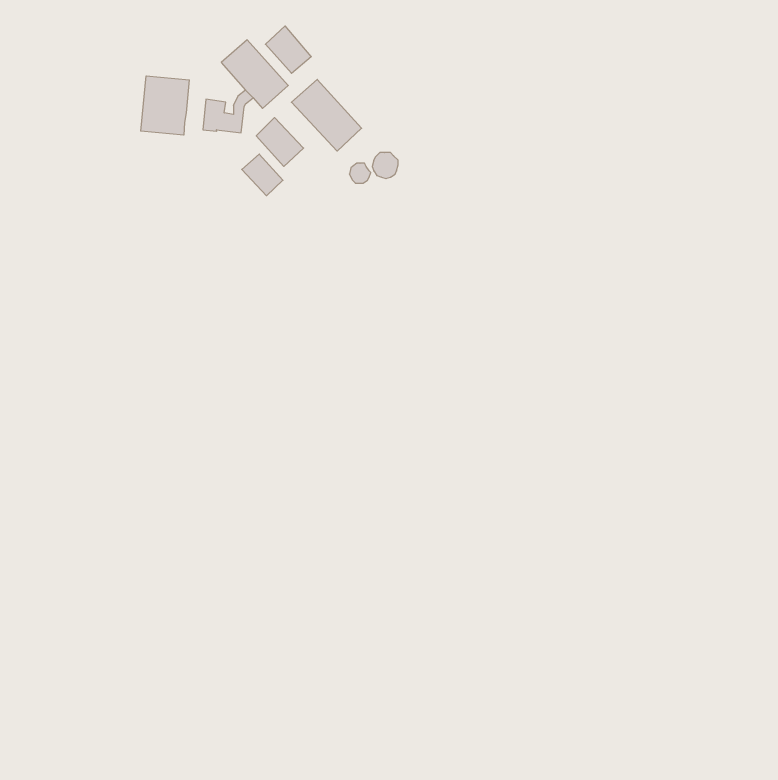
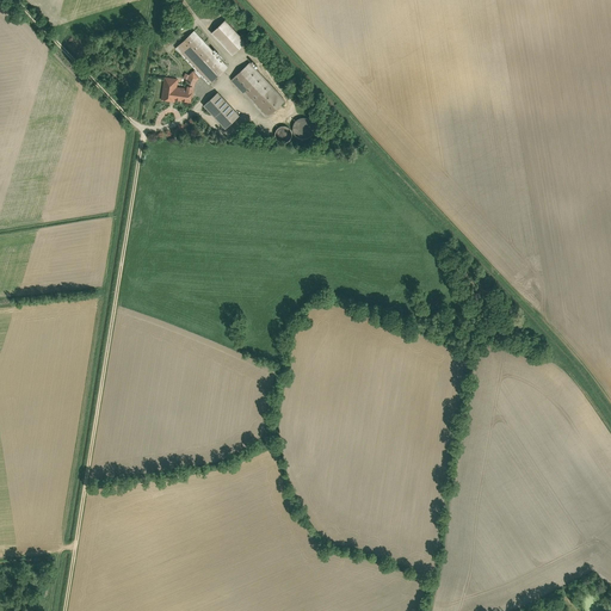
building: [141,76,189,135] -> none
building: [242,154,283,196] -> none

